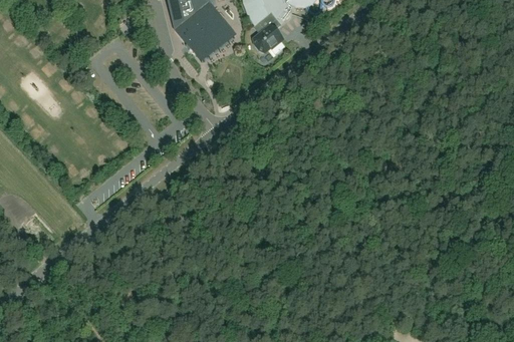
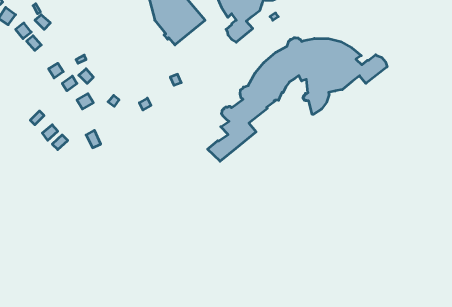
building: none -> [208,38,387,161]

